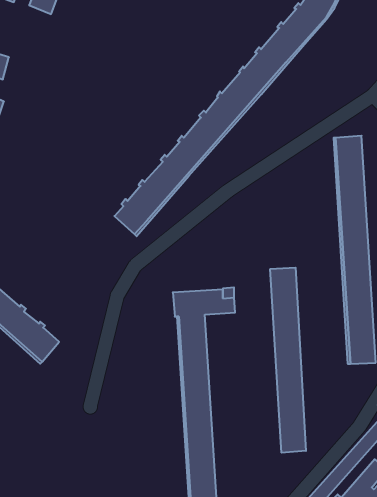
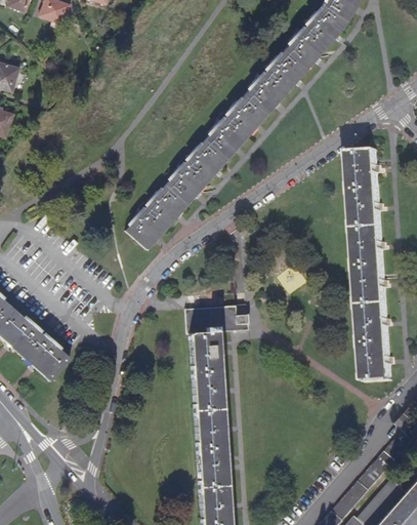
building: [270,268,306,453] -> none

